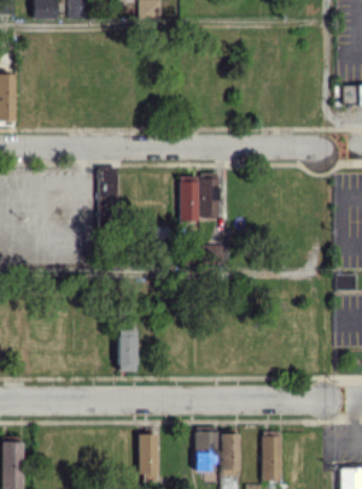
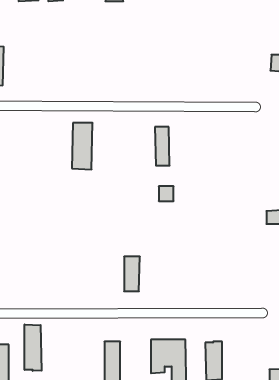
building: [179,176,200,222] -> none
building: [118,329,138,371] -> [124,257,140,291]
building: none -> [25,324,42,371]

